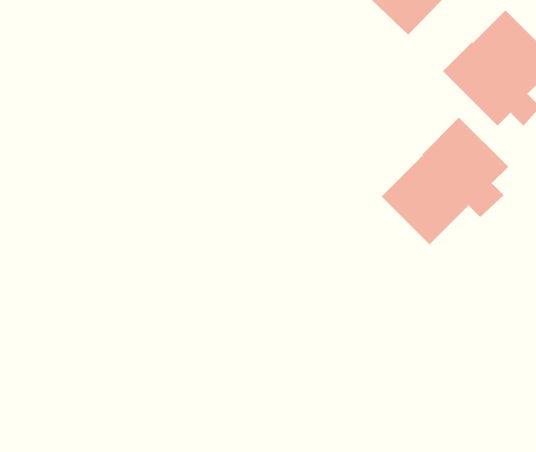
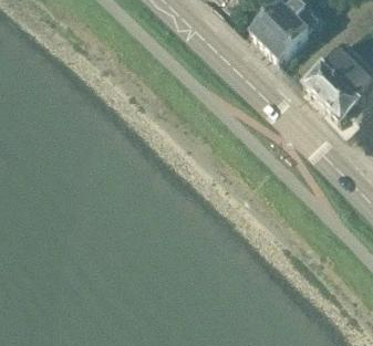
building: [381,117,509,245] -> none

